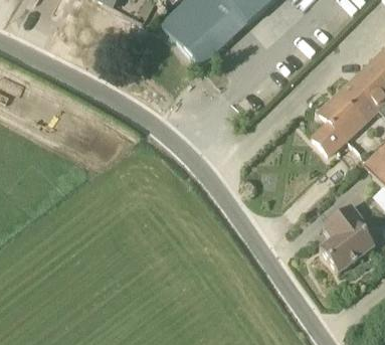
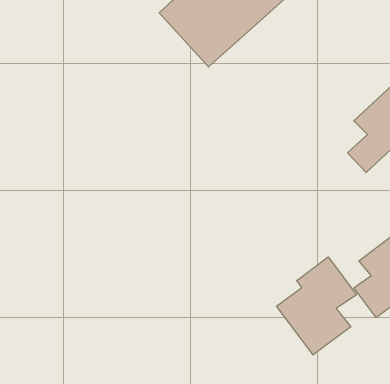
building: none -> [277,257,356,355]

